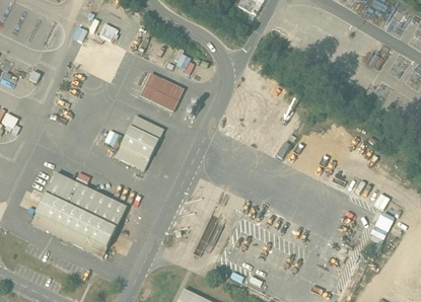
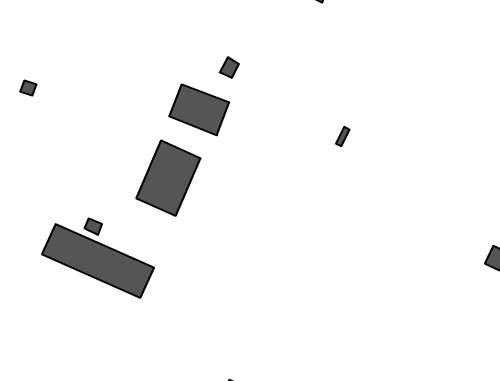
building: [32,197,118,255] -> none

